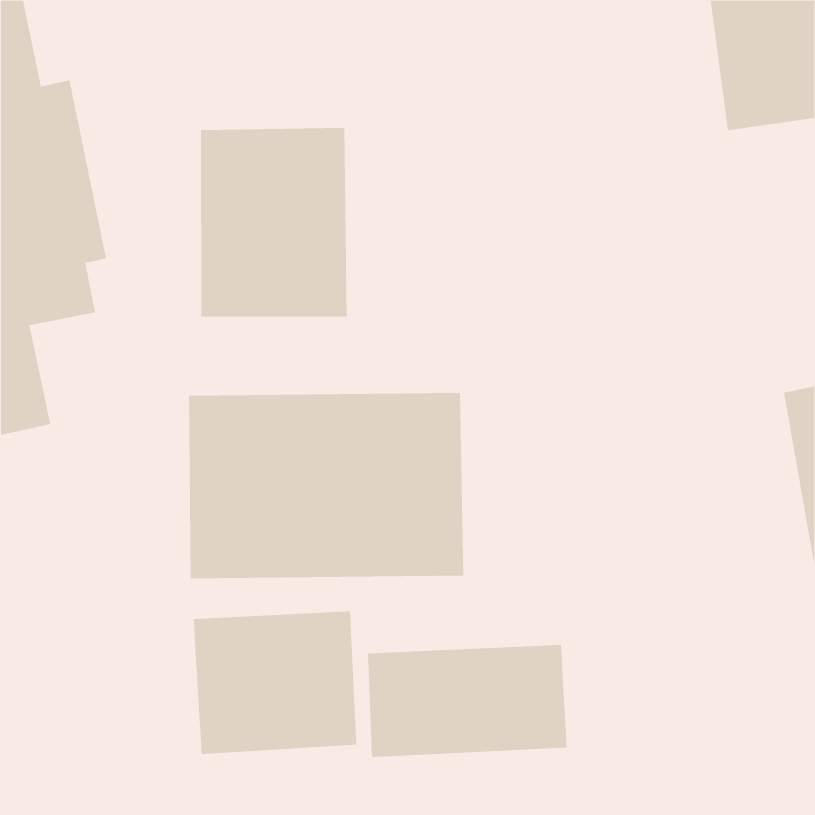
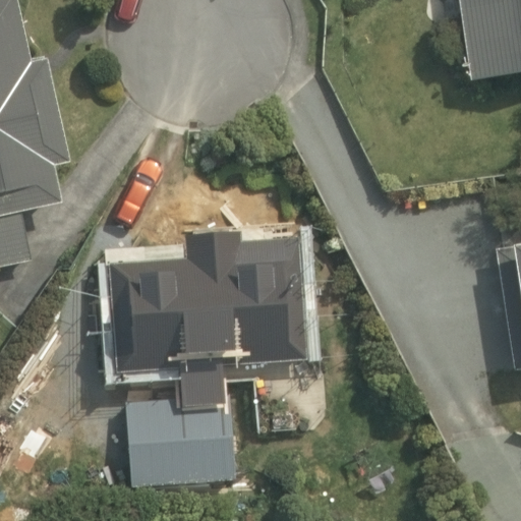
building: [200,127,347,318] -> none
building: [367,644,567,758] -> none

